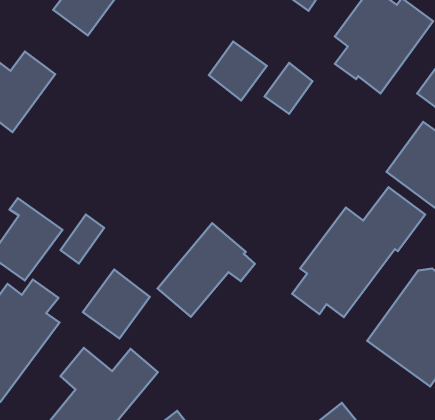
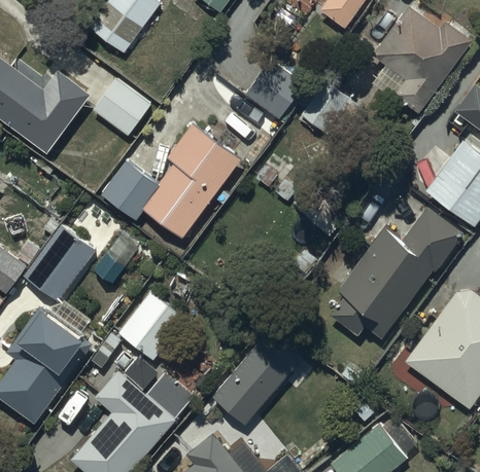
building: none -> [93,77,152,136]
building: none -> [102,123,241,238]
building: [157,223,255,317] -> [212,331,311,426]

